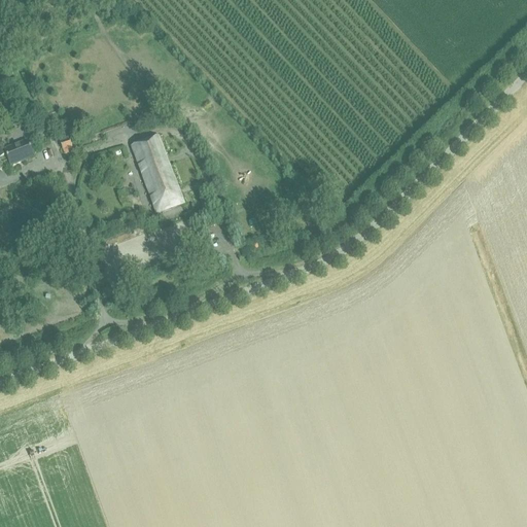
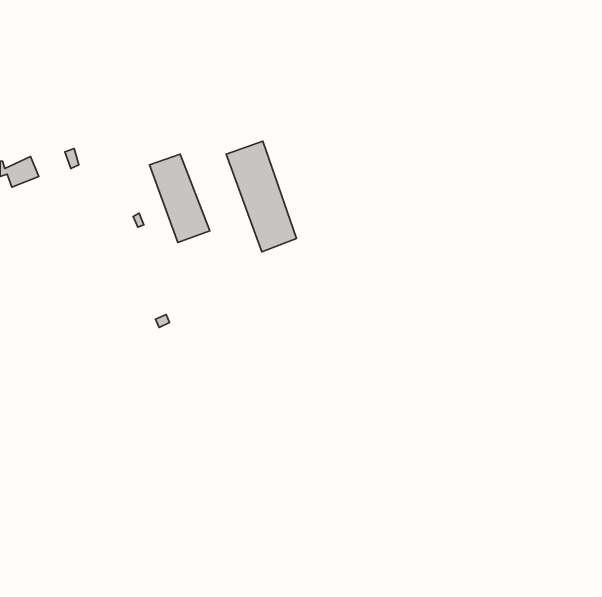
building: none -> [226,141,296,252]

